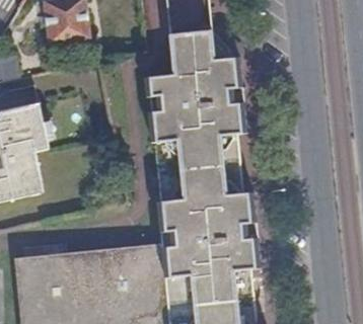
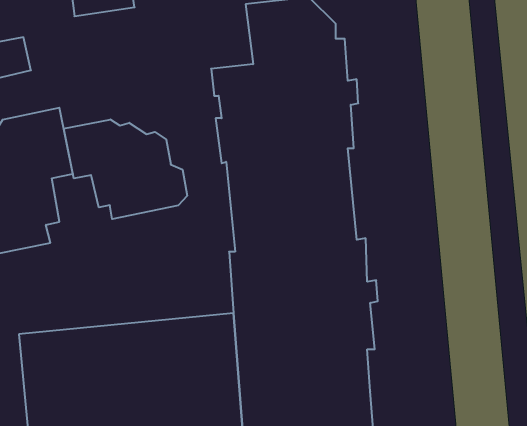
building: none -> [64,119,187,219]

